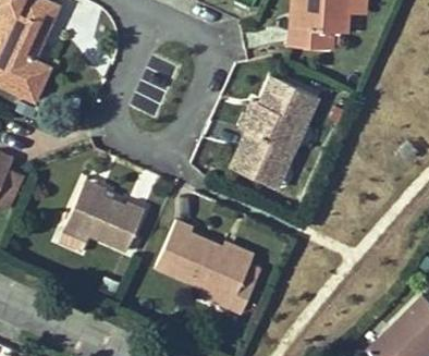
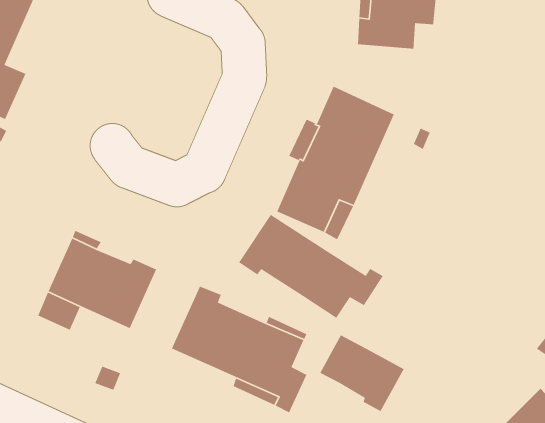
building: none -> [238,214,384,319]
building: none -> [319,334,405,412]

